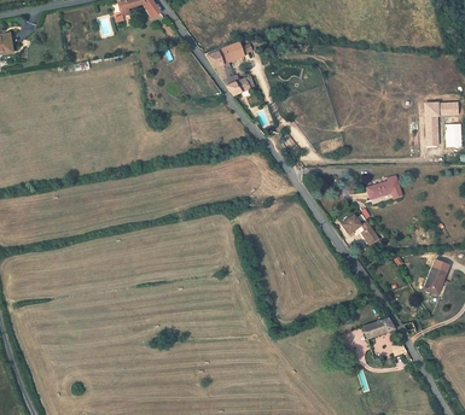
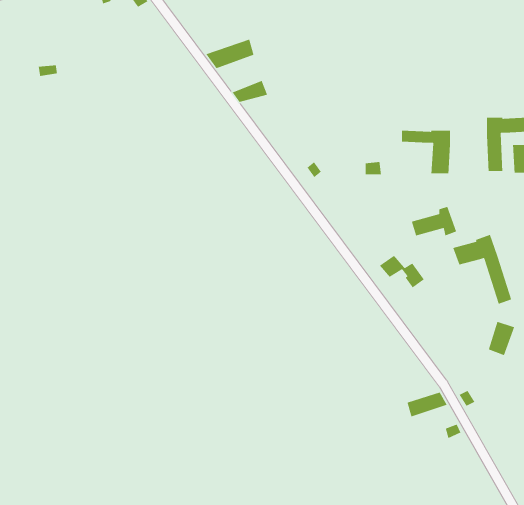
building: none -> [401,130,451,174]
building: none -> [452,234,512,305]

